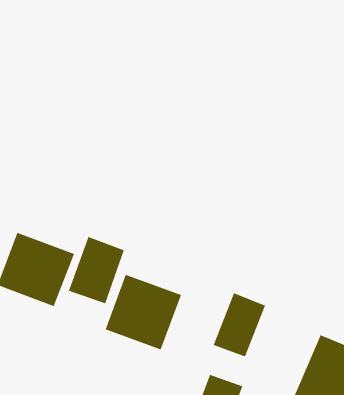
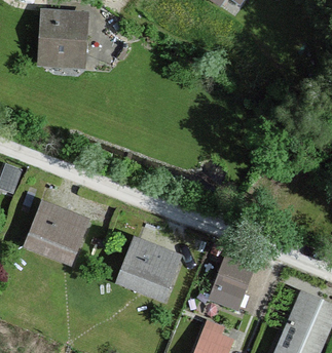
building: none -> [39,9,87,68]
building: [68,236,125,304] -> none

